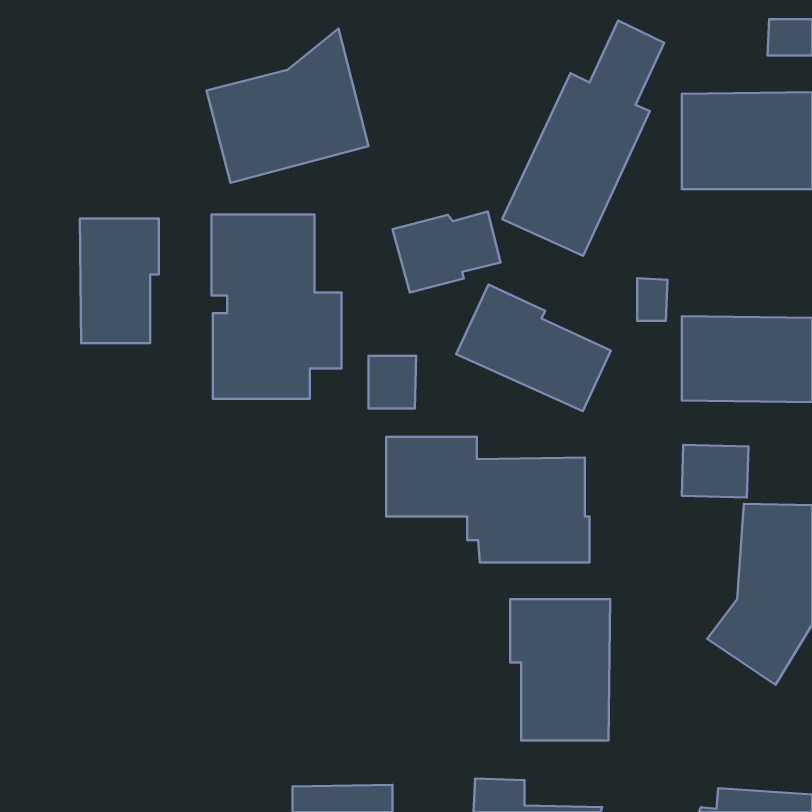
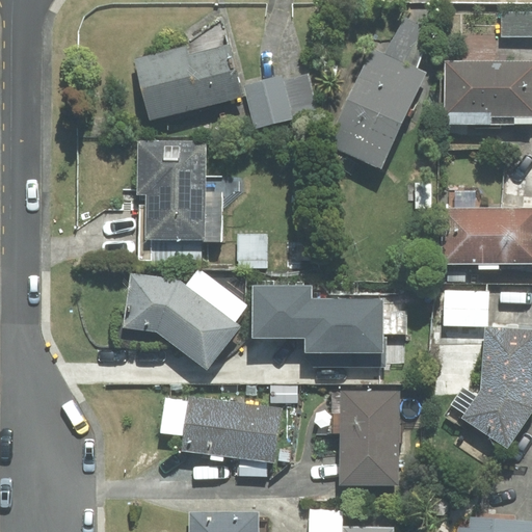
building: [392,212,500,293] -> [245,75,316,128]
building: [80,218,159,343] -> none
building: [456,285,611,411] -> none
building: none -> [125,270,246,369]
building: none -> [162,396,283,463]

